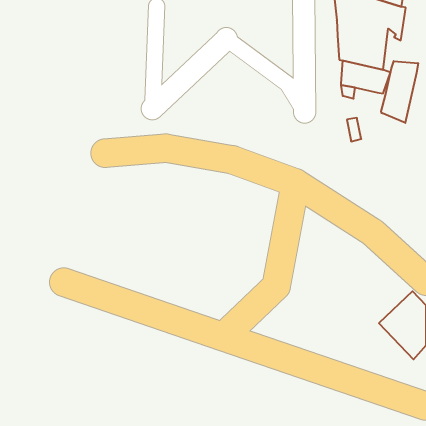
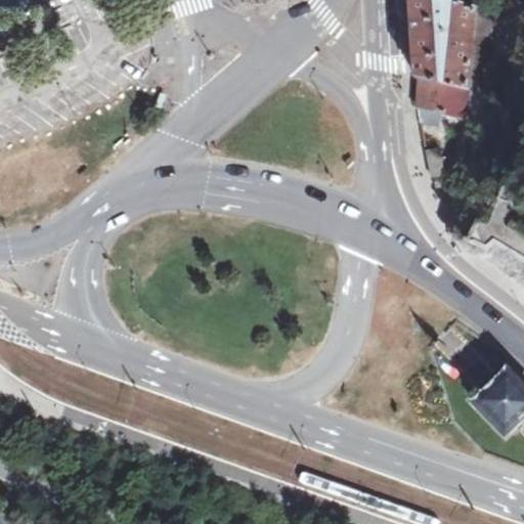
building: [381,61,418,123] -> none

